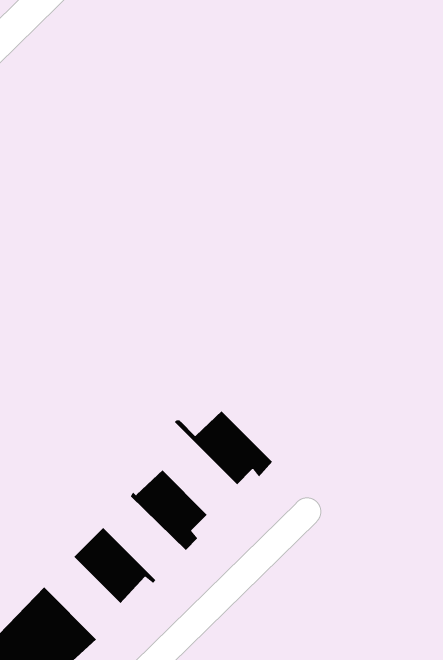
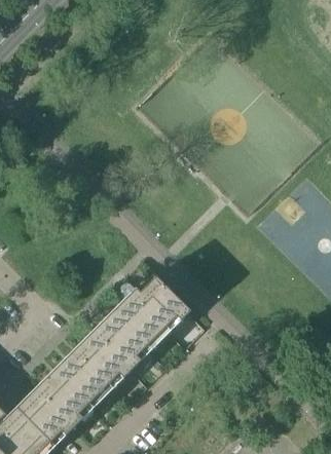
building: none -> [115,283,169,345]
building: none -> [76,333,131,388]
building: none -> [37,373,87,427]

